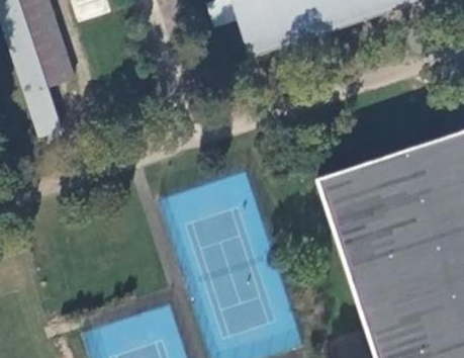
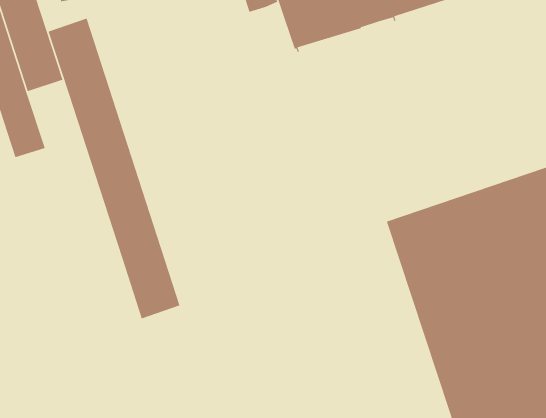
building: none -> [47,17,181,319]

